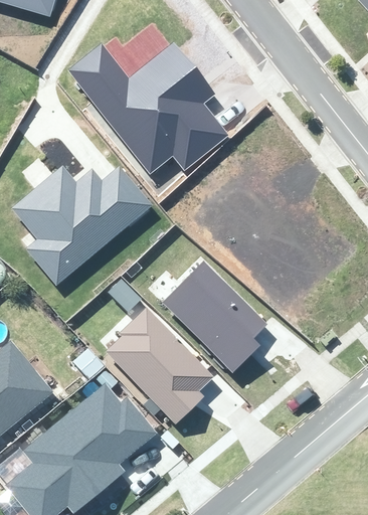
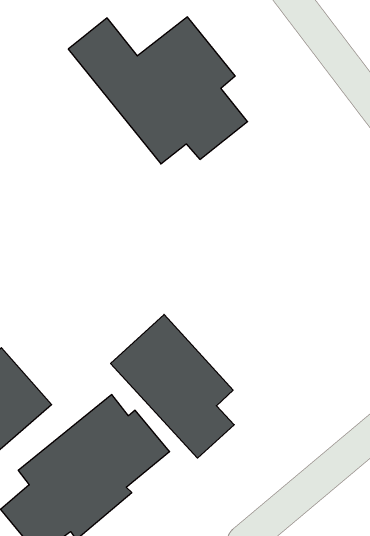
building: [11,165,151,284] -> none
building: [162,261,268,373] -> none

